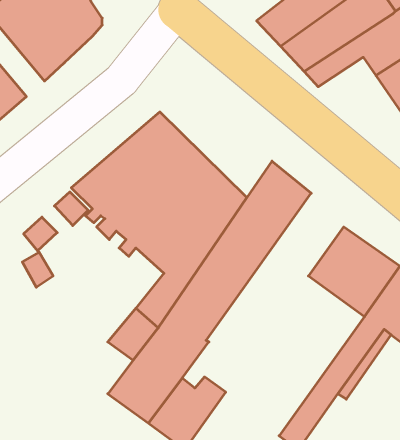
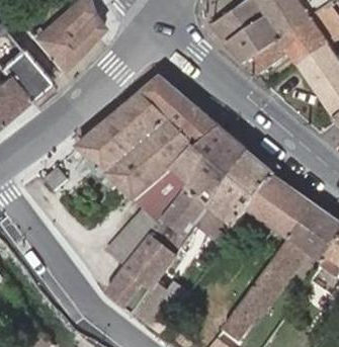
building: none -> [140,75,221,153]
building: none -> [198,150,274,240]

